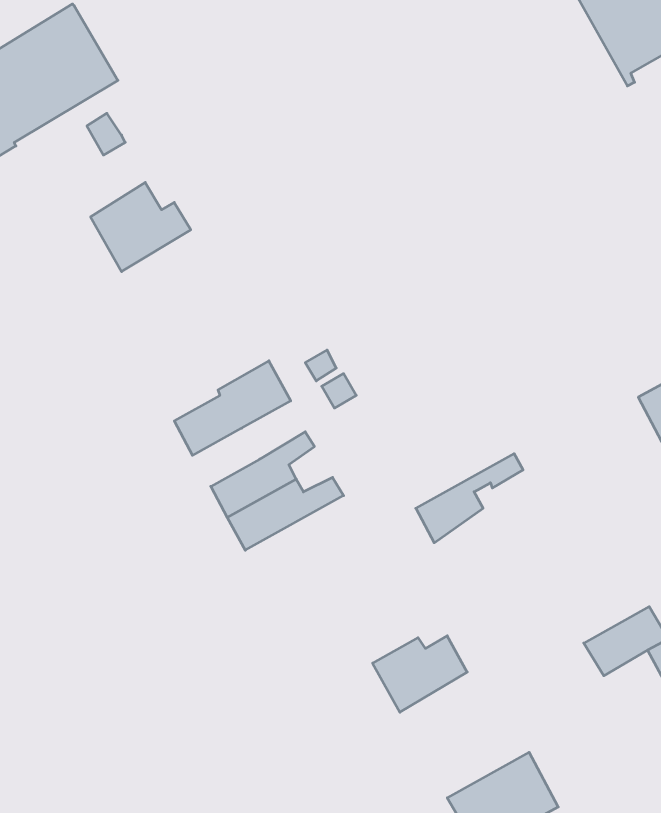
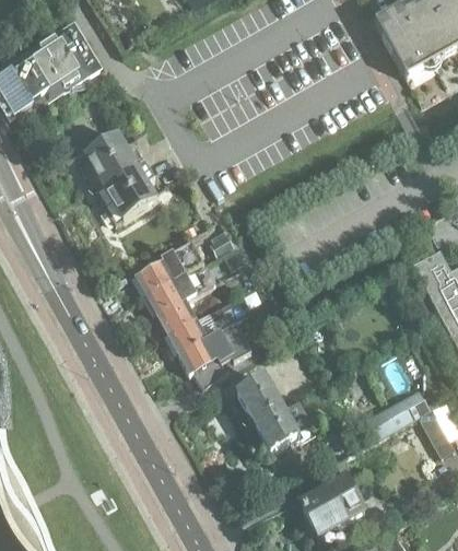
building: none -> [103,161,156,218]
building: none -> [145,268,213,315]
building: [416,454,523,543] -> [177,320,242,374]
building: none -> [237,375,281,421]

